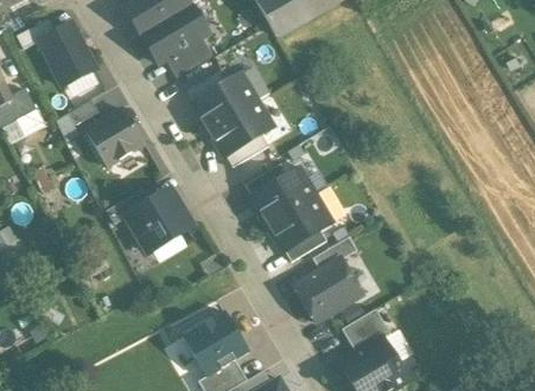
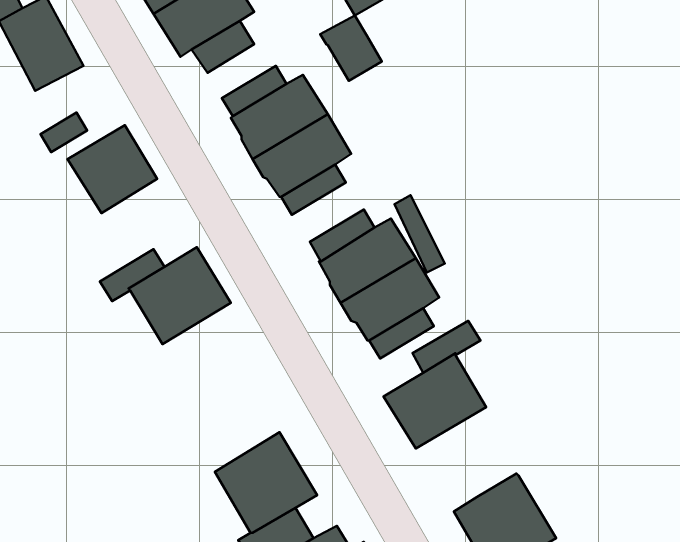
building: none -> [320,15,382,81]
building: [342,309,391,353] -> none

